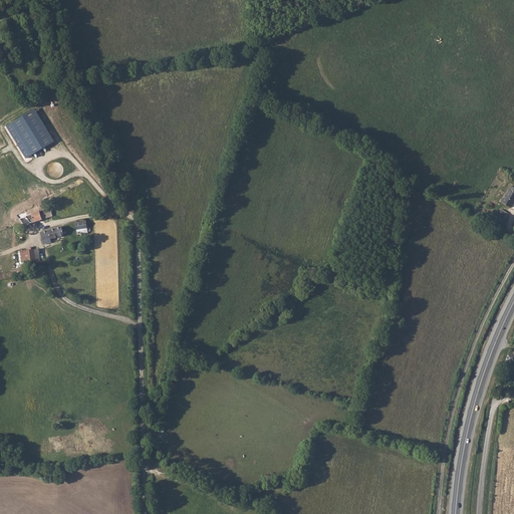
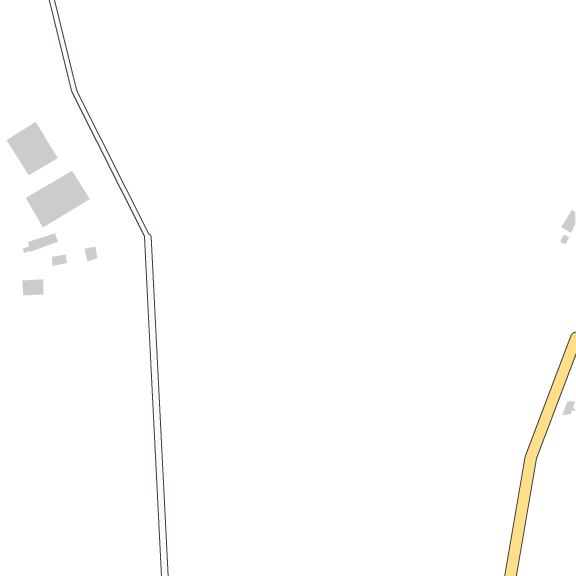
building: none -> [25,170,91,229]

